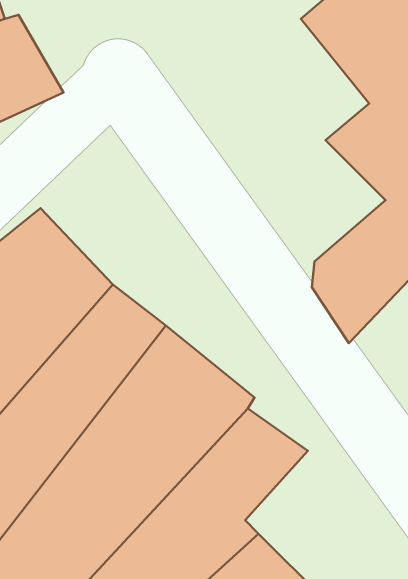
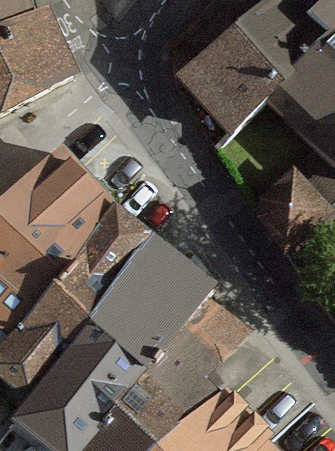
building: none -> [186,9,305,134]

